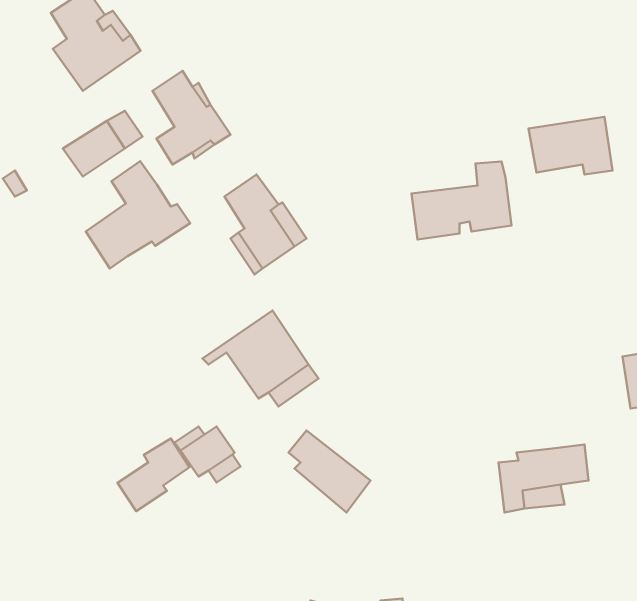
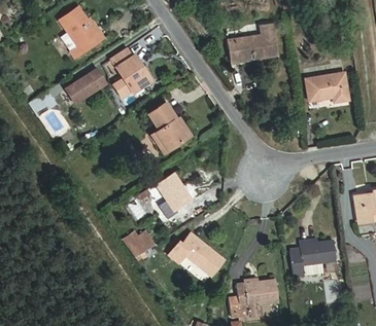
building: [86,161,190,268] -> none
building: [412,161,512,239] -> [227,23,278,63]
building: [118,439,189,511] -> none
building: none -> [230,280,277,316]

